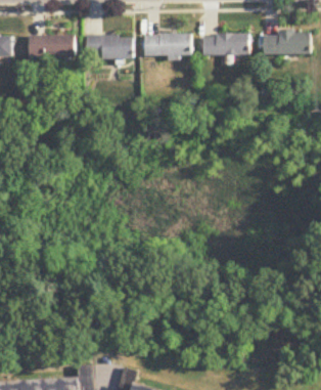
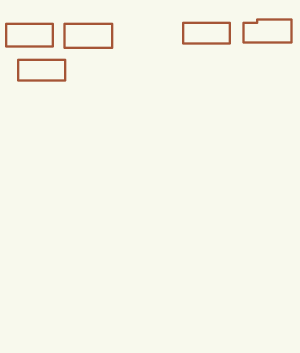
building: [143,35,190,57] -> none
building: none -> [18,60,65,80]

